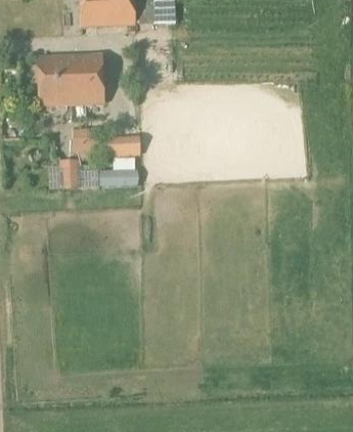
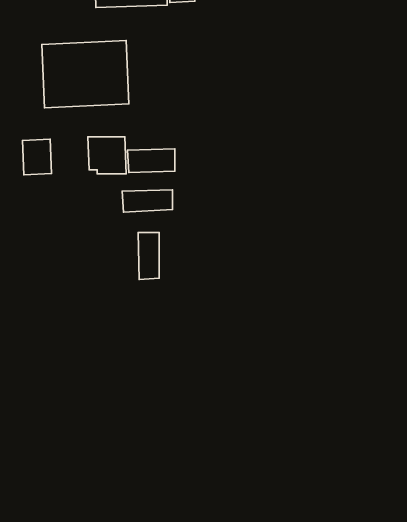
building: [59,161,82,188] -> [22,139,51,175]
building: none -> [138,232,159,279]

